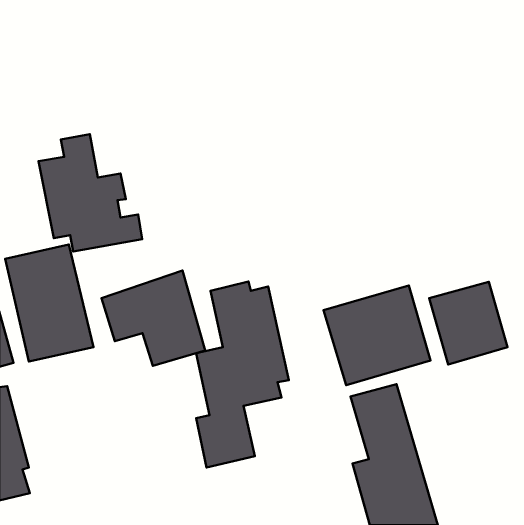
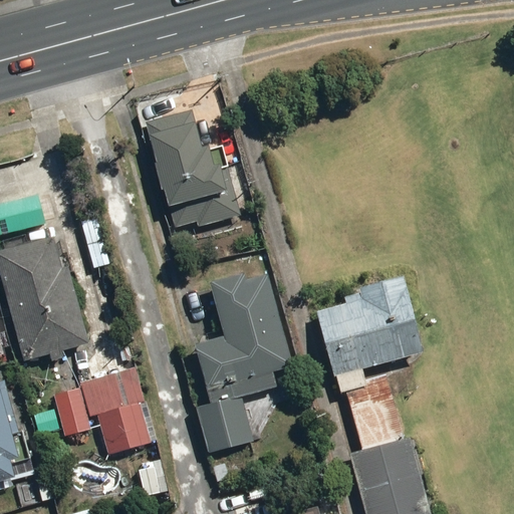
building: [38,134,142,251] -> [140,112,241,227]
building: [101,270,205,366] -> [57,364,159,458]
building: [429,282,507,364] -> none

